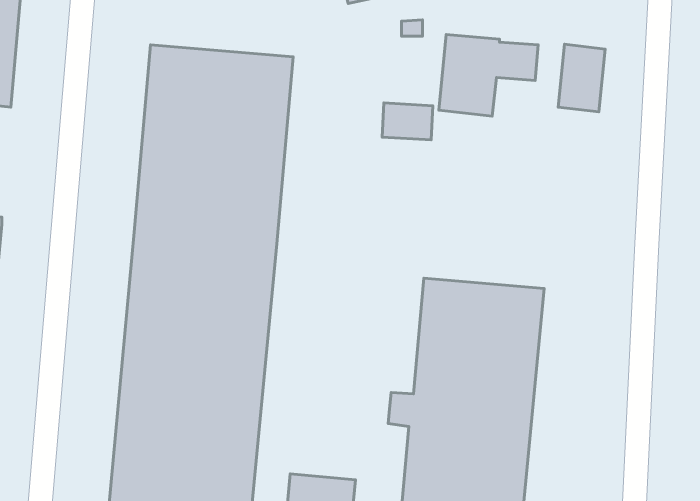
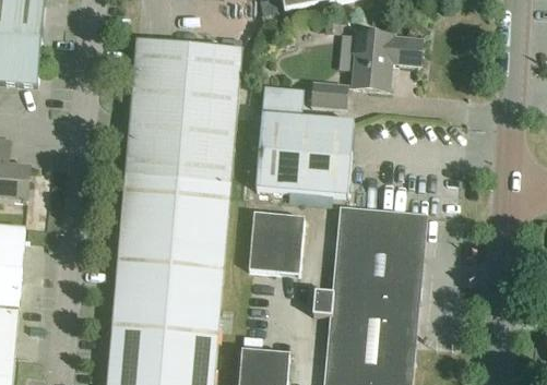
building: [558,44,605,112] -> none
building: none -> [257,91,355,198]
building: none -> [249,215,305,276]

